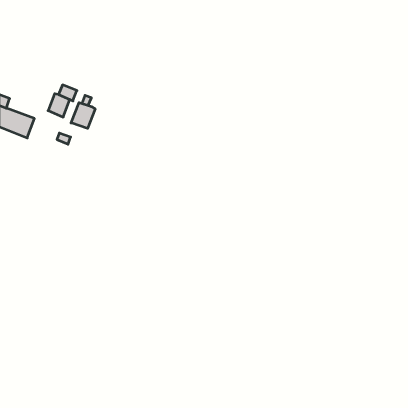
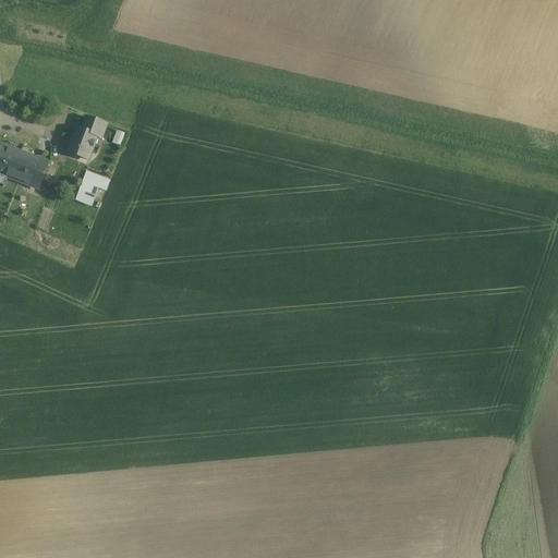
building: [71,103,95,128] -> none

